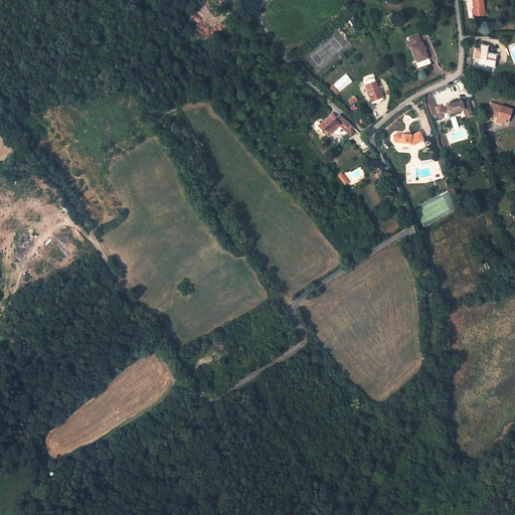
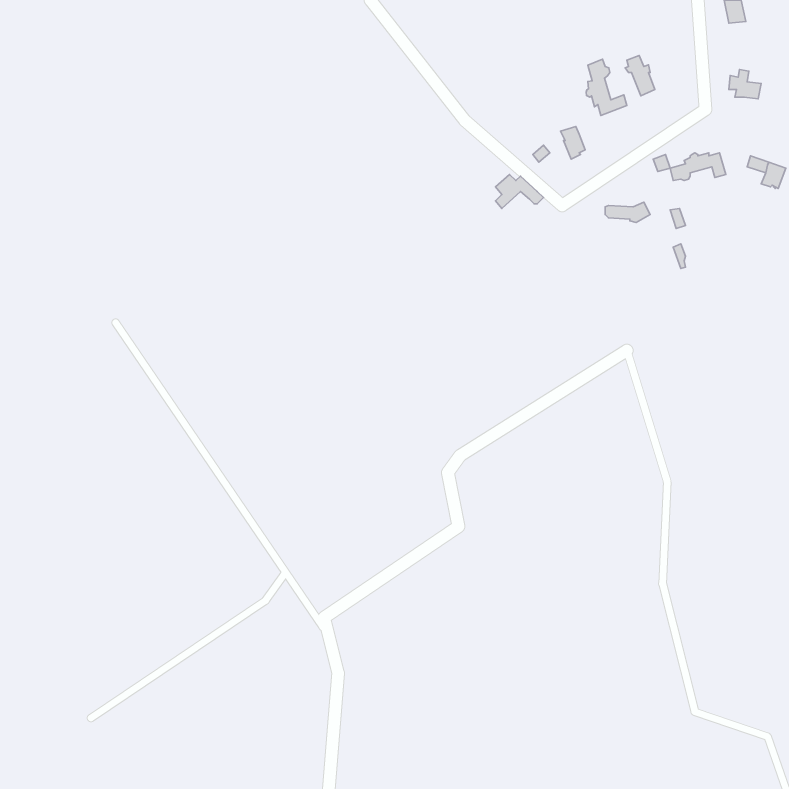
building: none -> [586,59,627,115]

